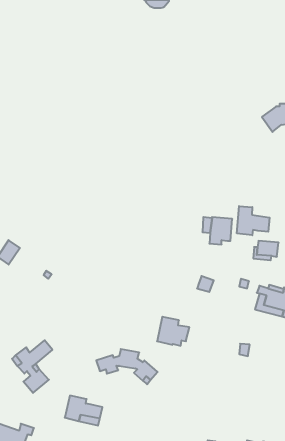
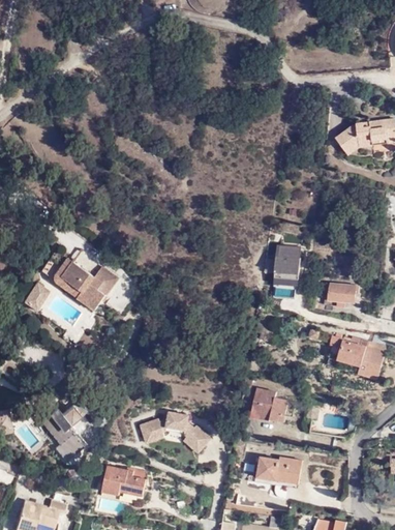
building: [237,206,270,235] -> none
building: none -> [41,259,118,304]
building: [157,317,189,346] -> [250,387,288,421]
building: none -> [256,457,302,483]

